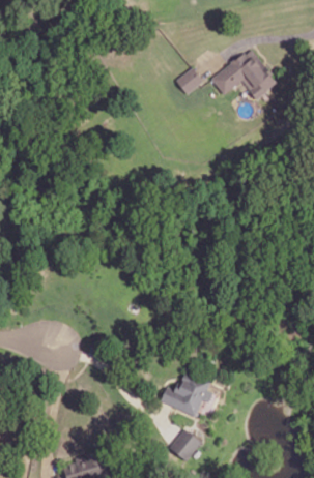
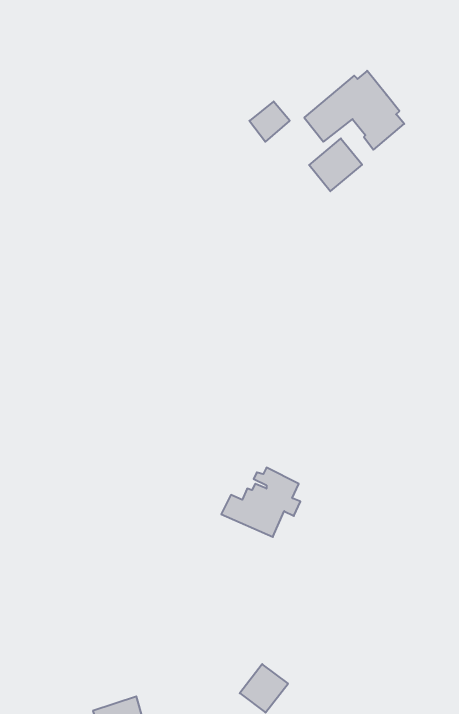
building: none -> [309,138,362,191]
building: [162,372,212,417] -> [221,468,300,537]

